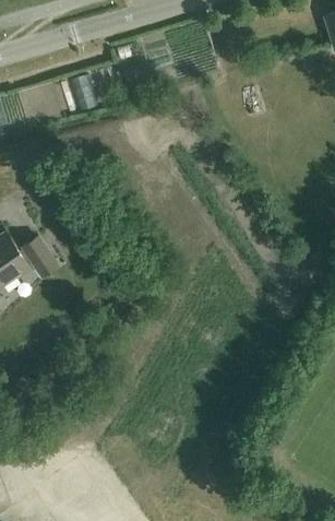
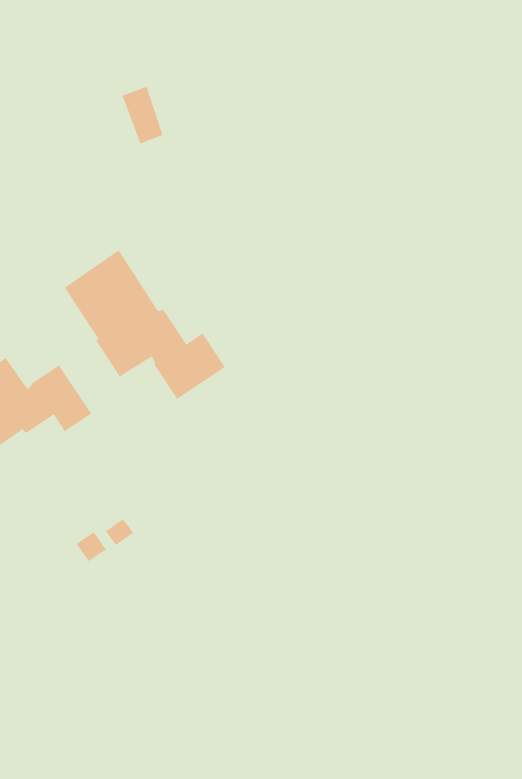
building: none -> [64,249,226,400]

